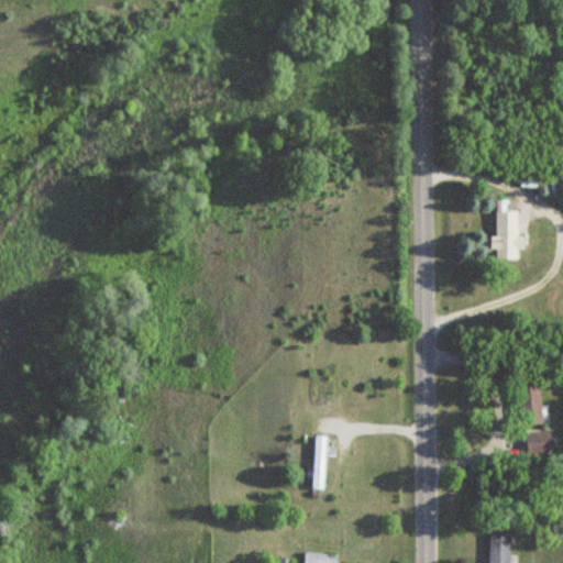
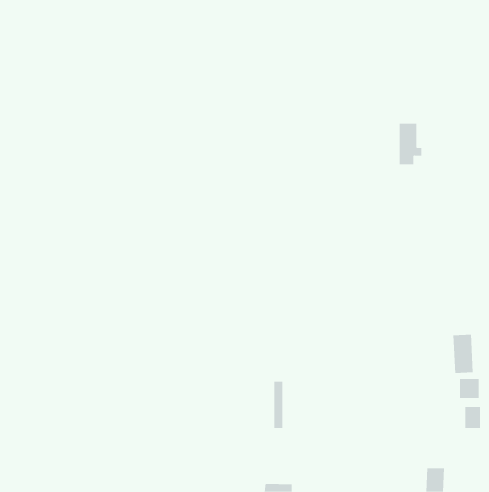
building: [499,210,526,257] -> [399,123,422,165]
building: none -> [465,406,481,429]

